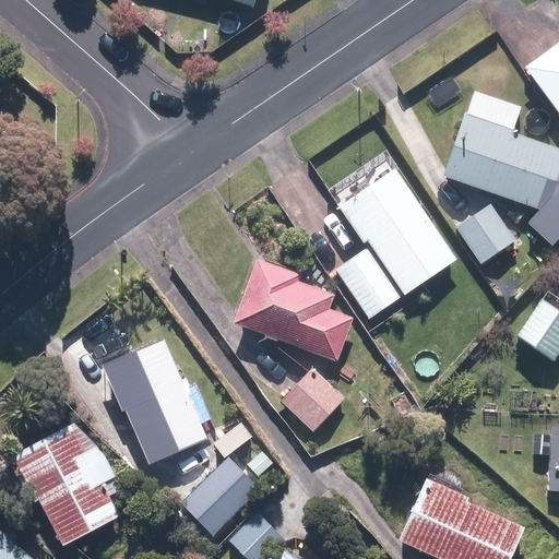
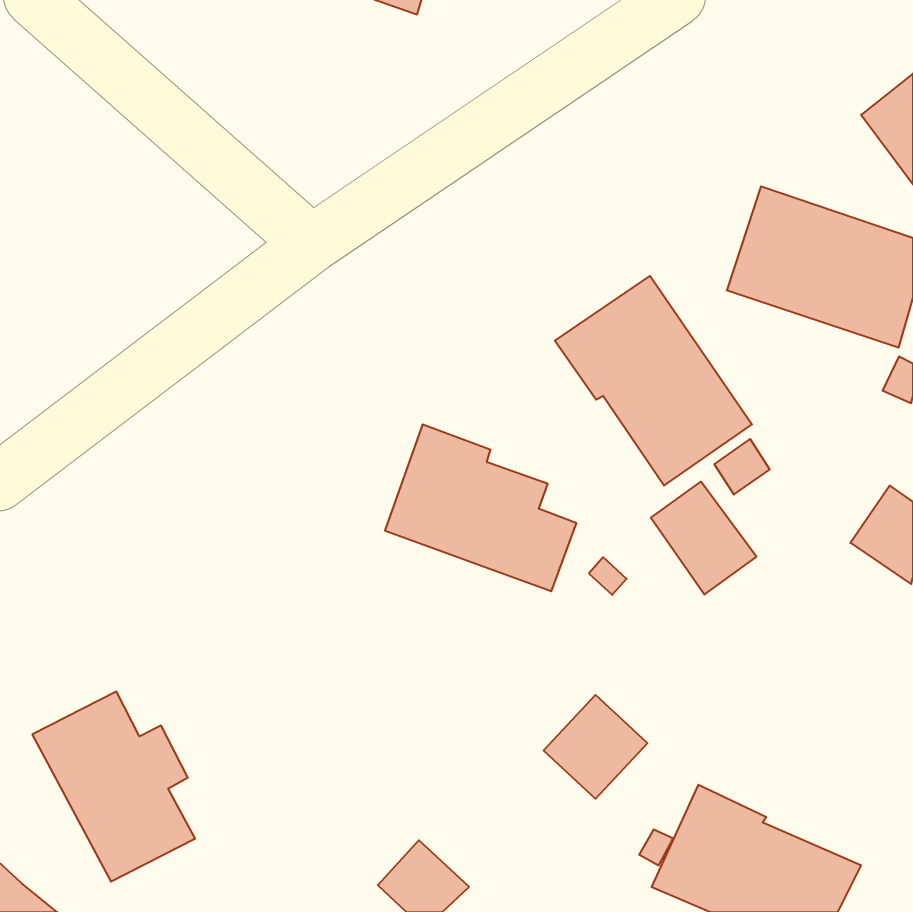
building: [456,204,516,263] -> none
building: [336,249,401,318] -> [651,482,756,595]
building: [104,340,207,464] -> none
building: [283,367,346,430] -> [544,695,647,799]
building: [162,474,239,536] -> none

